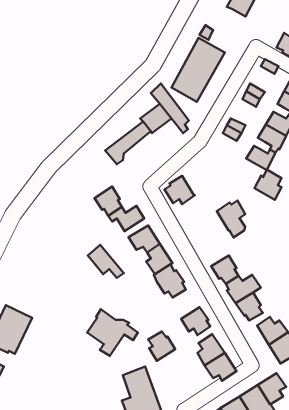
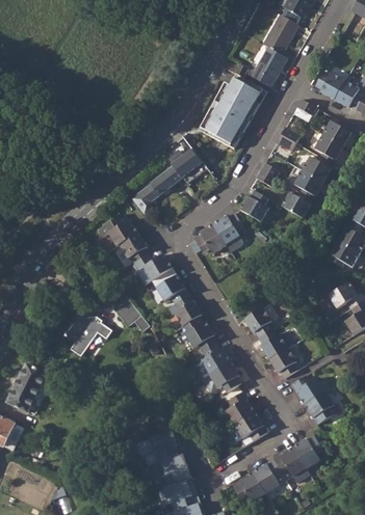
building: none -> [250,45,286,86]
building: none -> [98,215,138,248]
building: [254,170,282,200] -> [240,189,269,221]
building: [217,201,245,237] -> [213,212,243,251]
building: [87,309,138,356] -> [56,305,110,355]
building: [148,332,175,361] -> [203,345,232,376]

